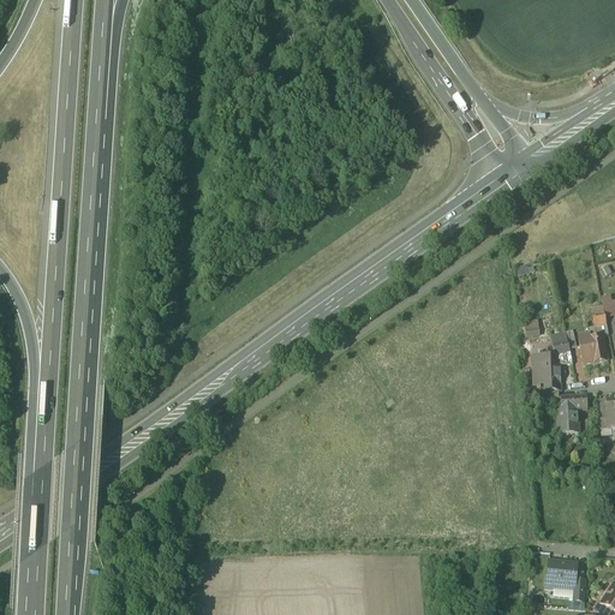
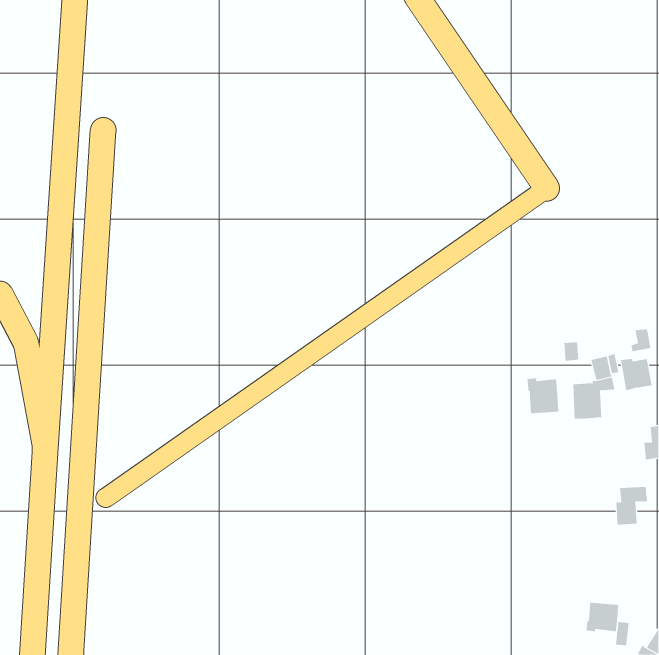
building: none -> [527,377,559,414]
building: [557,395,587,431] -> [615,486,648,525]

